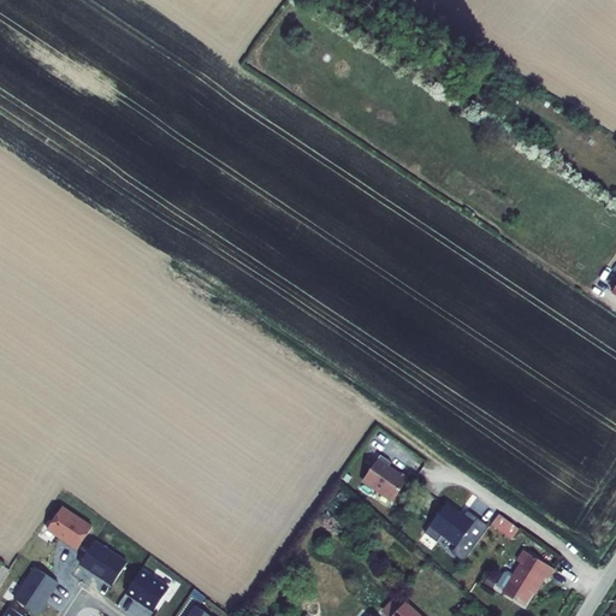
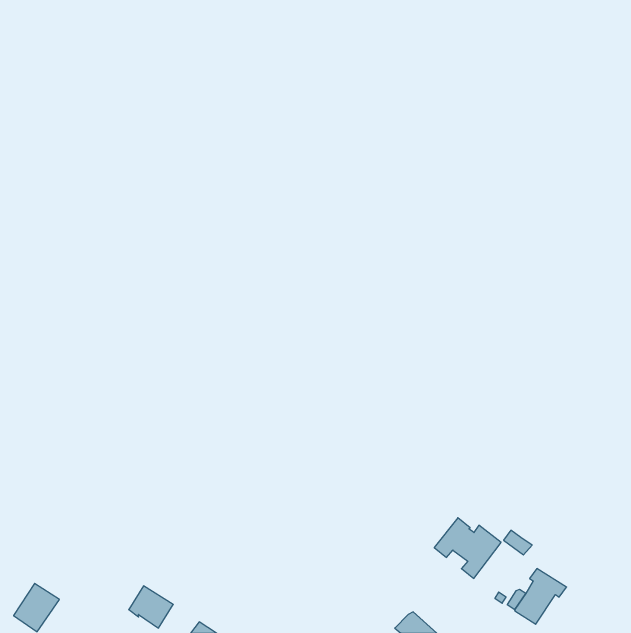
building: [365,454,408,498] -> none
building: [46,505,91,549] -> none
building: [78,541,125,585] -> none

